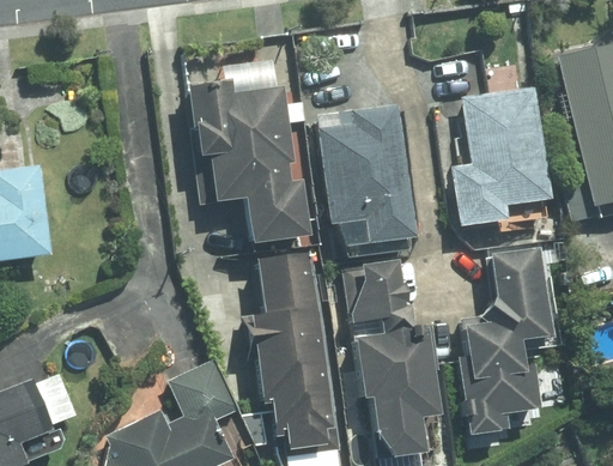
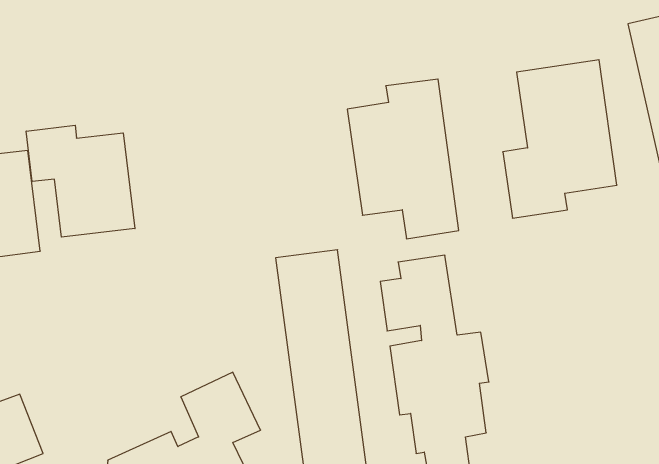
building: [187,85,310,241] -> none
building: none -> [26,125,135,237]
building: [457,247,554,434] -> none

